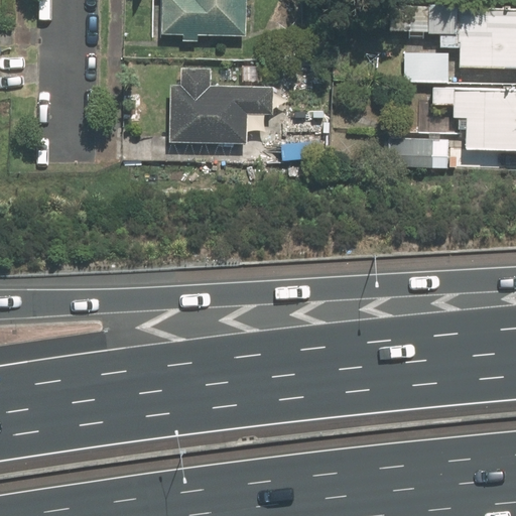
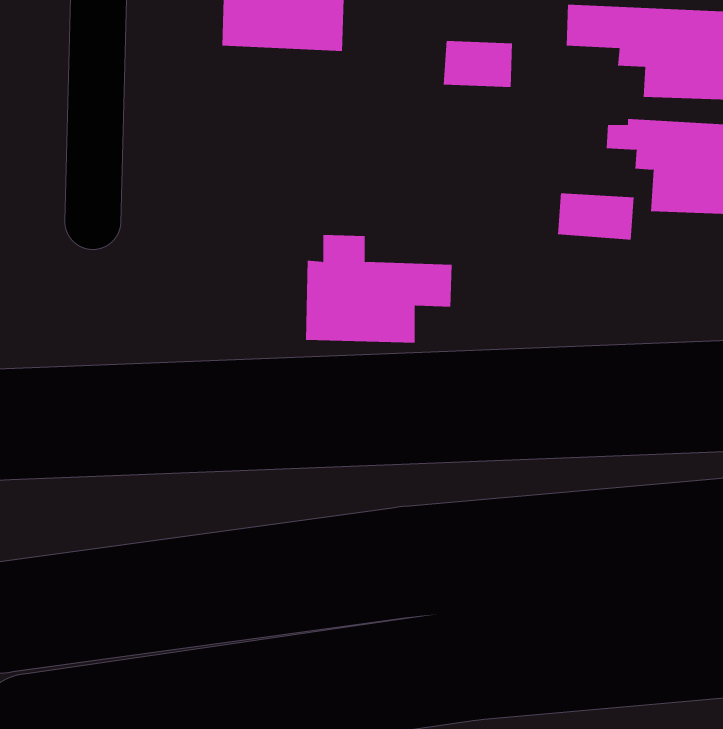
building: [403,50,453,84] -> [443,40,513,88]
building: [170,68,274,144] -> [305,234,453,343]

